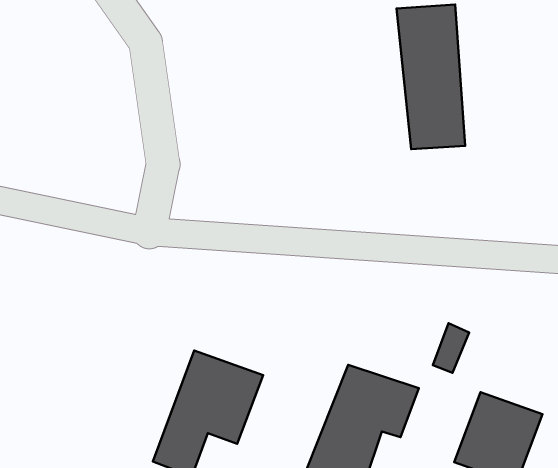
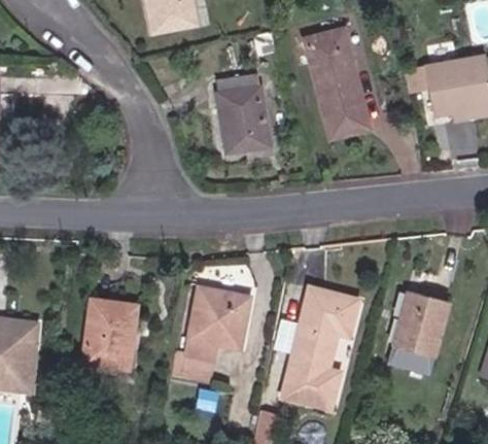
building: none -> [211,76,270,157]
building: none -> [83,305,138,372]

